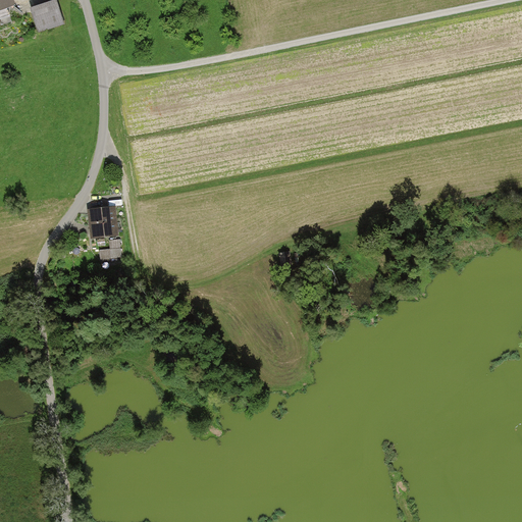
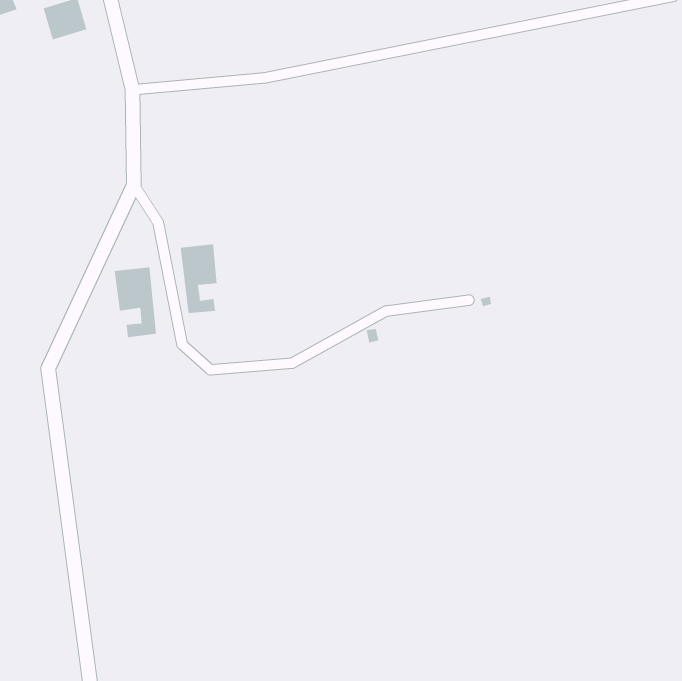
building: none -> [180,244,217,314]

